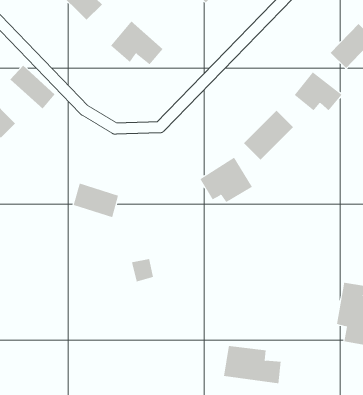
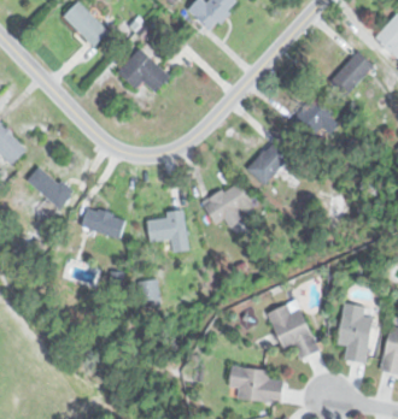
building: [9,65,55,109] -> [27,165,71,208]
building: none -> [146,212,188,253]
building: none -> [267,300,320,359]

